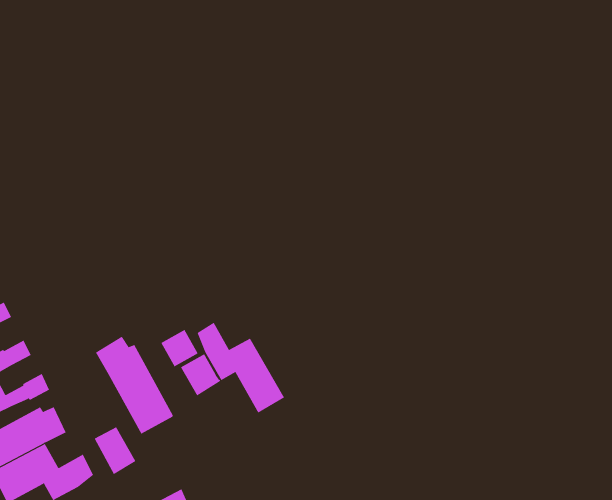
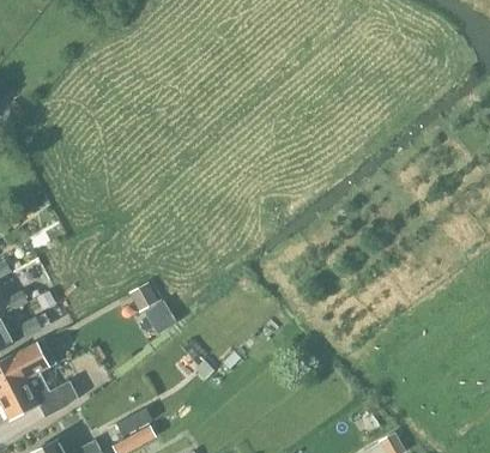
building: [197,322,285,413] -> none
building: [95,336,174,435] -> none

